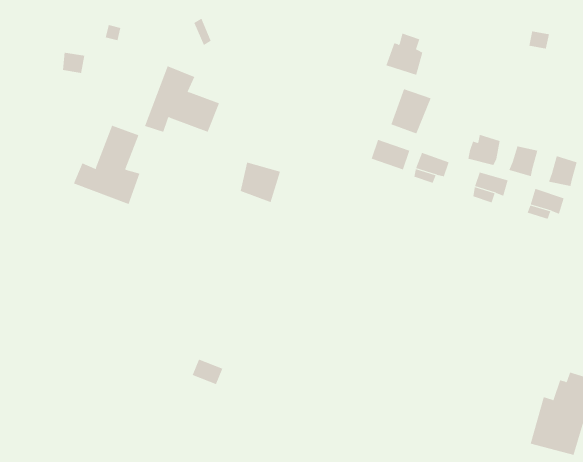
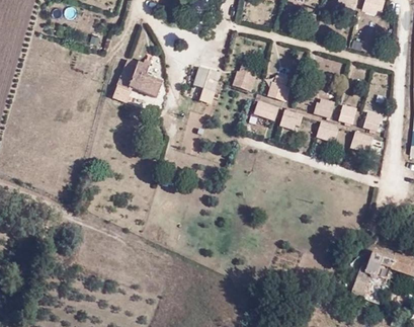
building: [386,33,423,75] -> [232,67,255,93]
building: [73,125,140,205] -> none
building: [240,162,281,203] -> [195,65,221,90]

